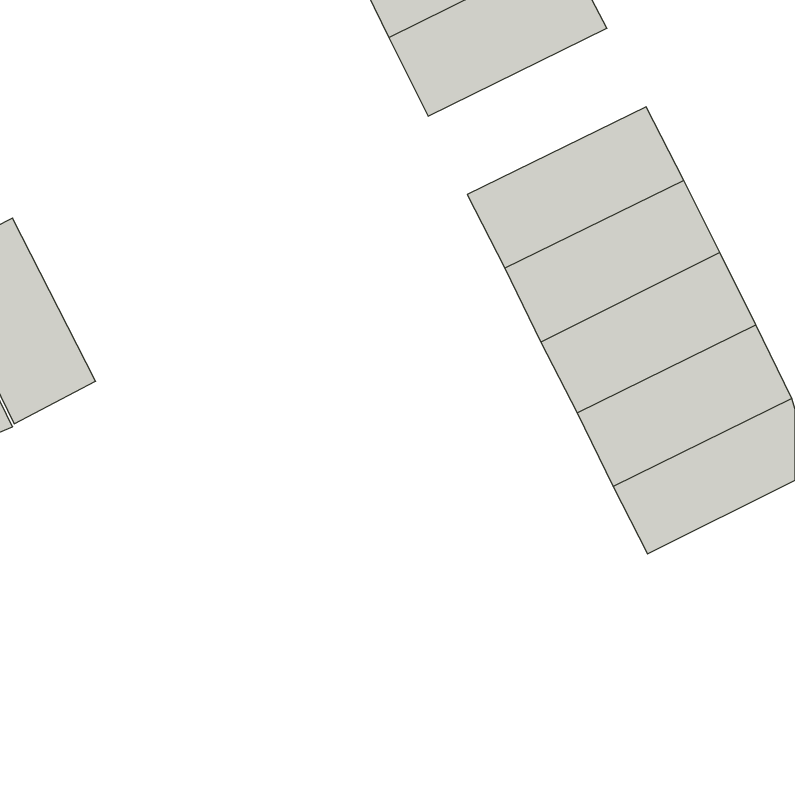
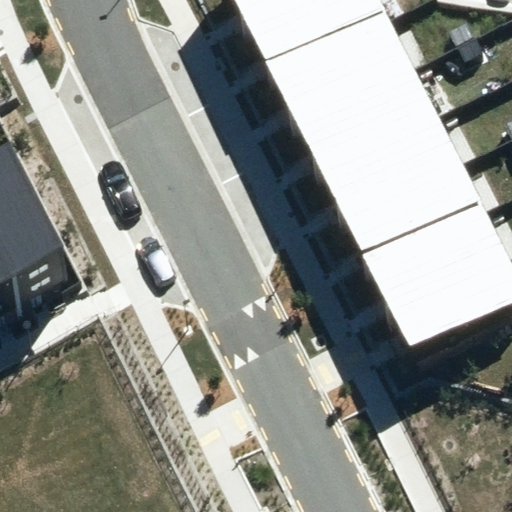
building: none -> [273,18,412,124]

